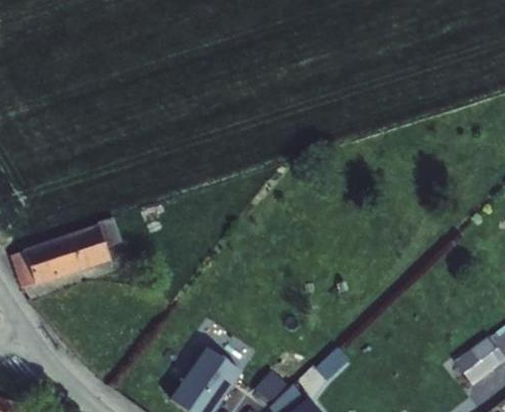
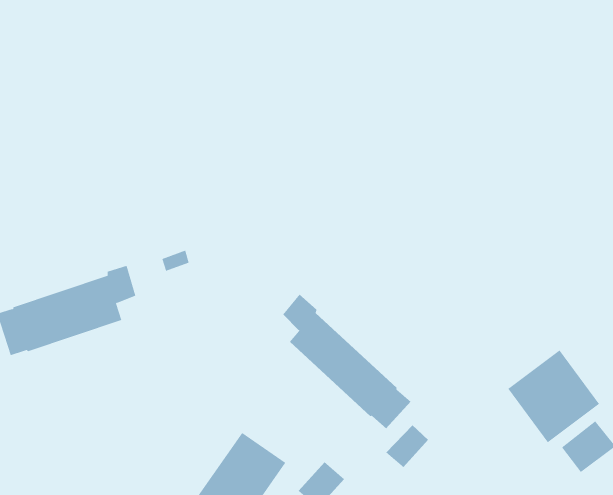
building: none -> [282,294,411,429]
building: none -> [507,349,600,443]

